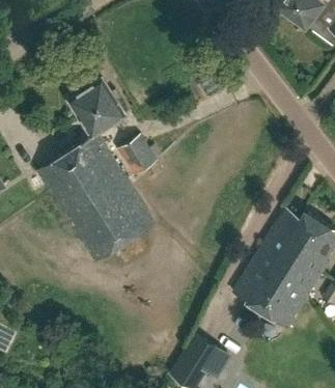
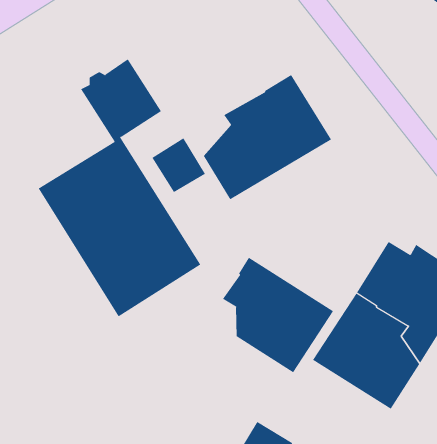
building: none -> [203,74,332,200]
building: none -> [222,257,334,373]

